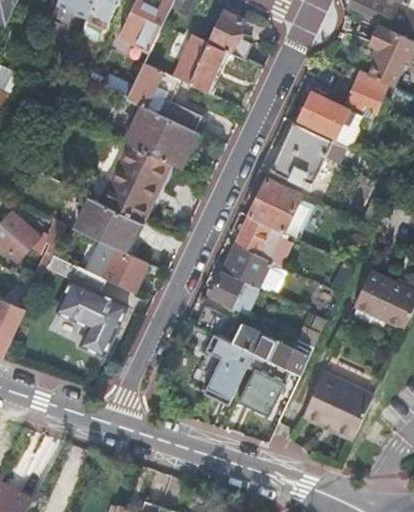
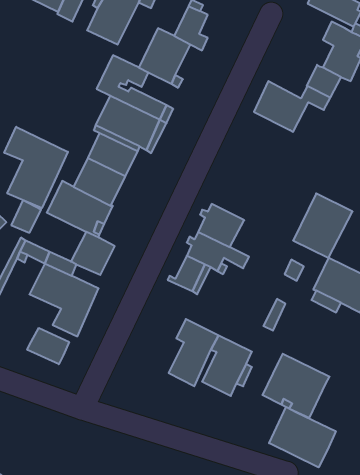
building: [268,120,330,187] -> [293,193,353,258]
building: none -> [4,127,68,208]
building: [248,177,302,233] -> none
building: [195,303,308,374] -> none
building: none -> [27,328,69,364]
building: none -> [269,407,336,467]

